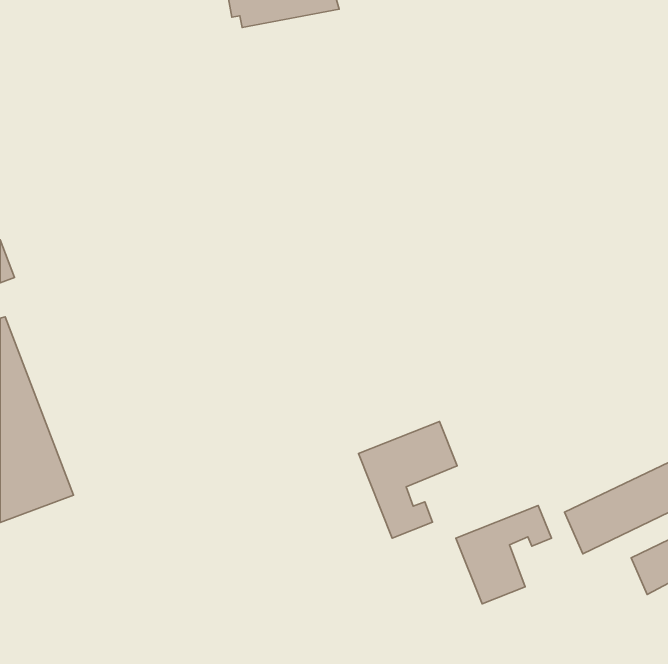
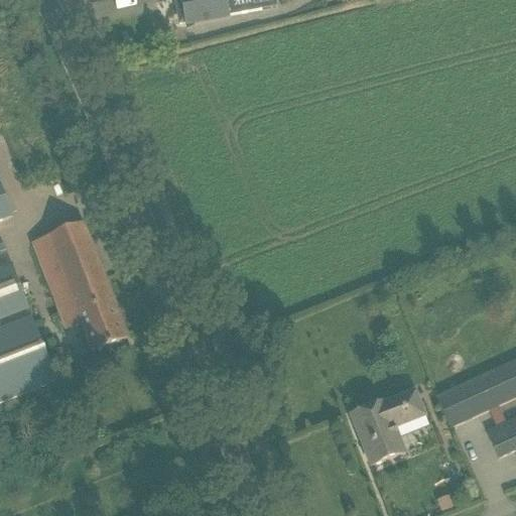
building: none -> [34,223,127,351]
building: [359,422,457,538] -> none

